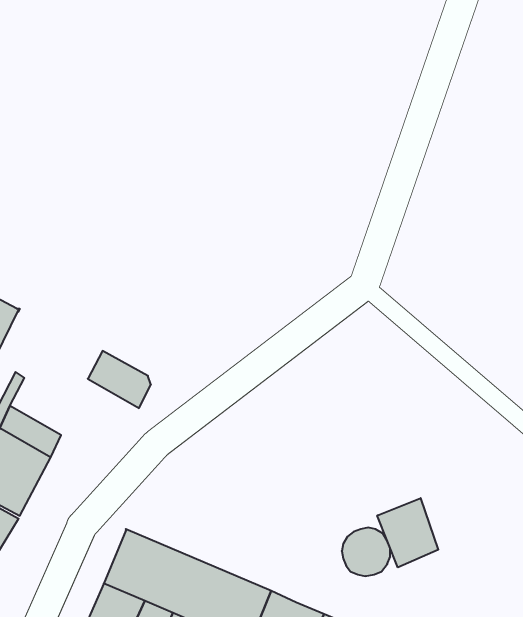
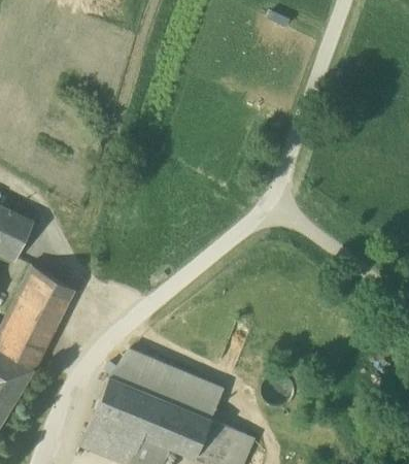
building: [88,351,151,408] -> [27,271,71,311]
building: none -> [108,351,224,421]
building: [377,498,438,567] -> none

